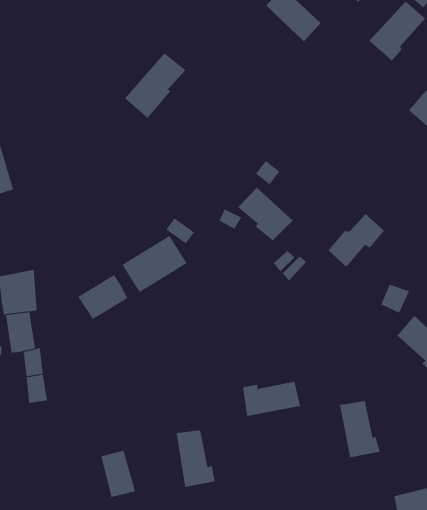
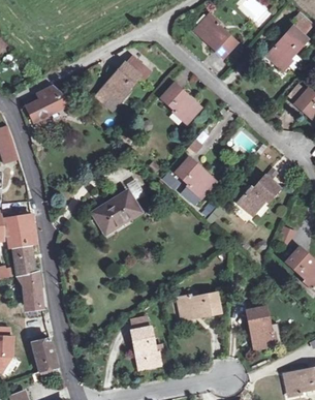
building: none -> [162,84,200,123]
building: none -> [24,86,86,127]
building: [77,274,128,320] -> none
building: [100,450,136,497] -> [33,338,58,371]

